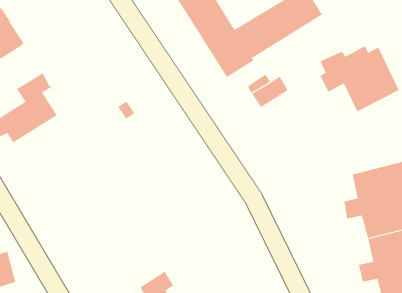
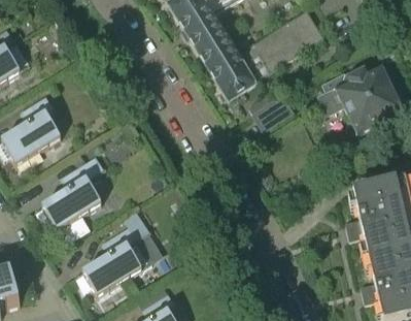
building: none -> [35,154,106,228]
building: none -> [75,218,151,294]

